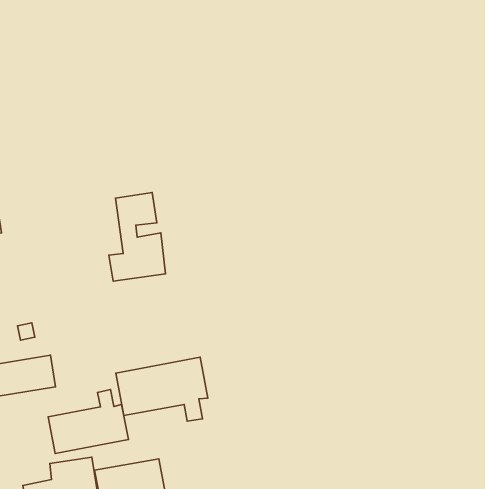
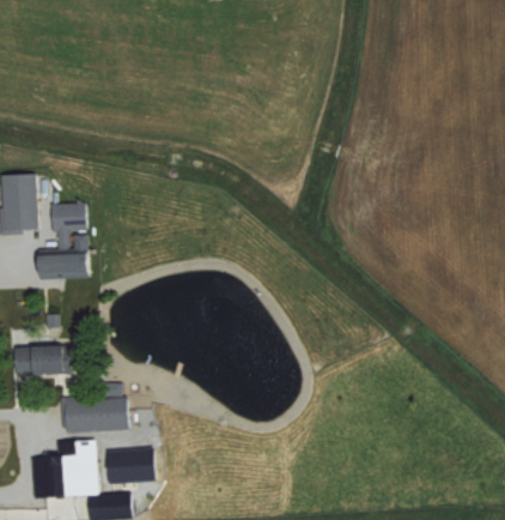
building: [109,193,166,281] -> [41,202,90,278]
building: [116,357,208,421] -> none

